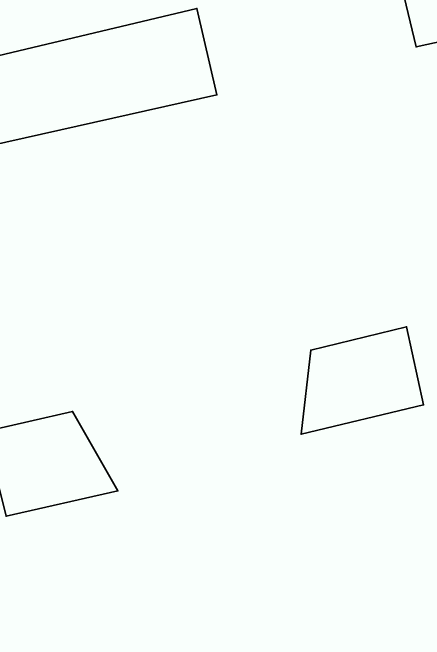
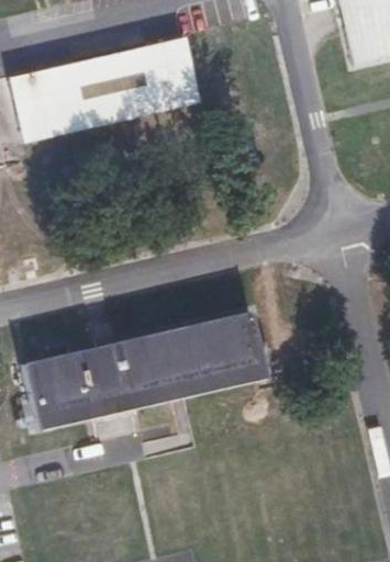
building: [301,327,423,434] -> none
building: none -> [96,311,267,408]

